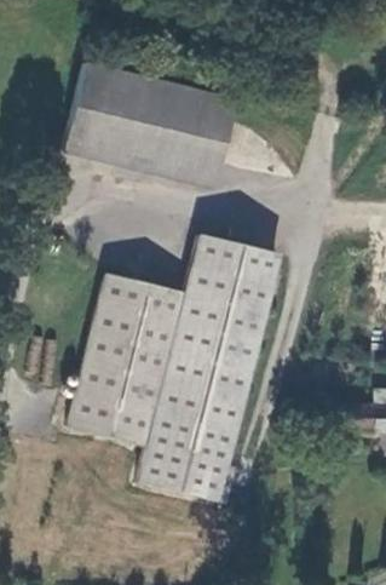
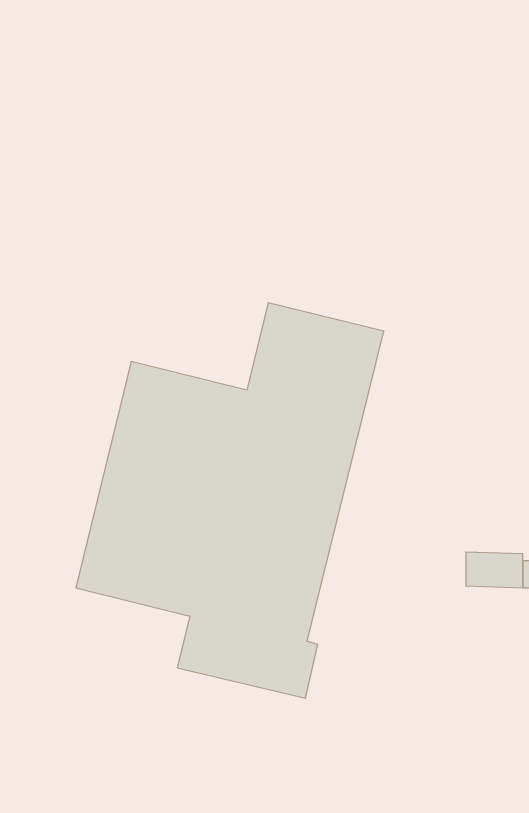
building: [67,63,236,187] -> none

